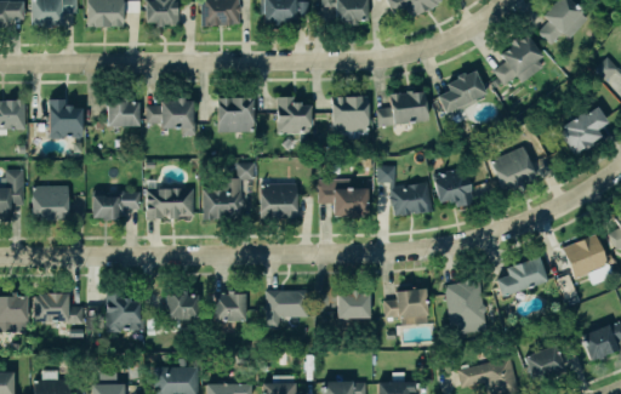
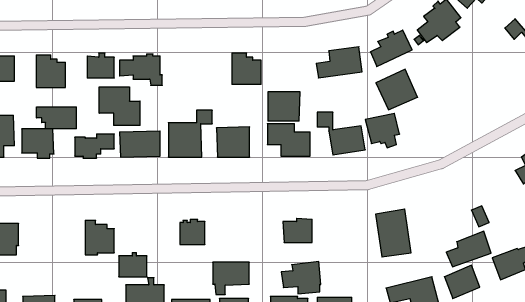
building: [217,97,253,132] -> none
building: [331,97,369,131] -> [268,92,300,121]
building: [558,107,608,154] -> none
building: none -> [99,87,140,125]
building: [489,145,537,193] -> [376,69,418,110]
building: none -> [37,107,76,129]
building: [562,234,609,279] -> none
building: [495,256,547,297] -> [446,231,491,267]
building: [382,289,428,326] -> [281,262,321,294]
building: [166,291,199,319] -> [119,253,147,277]
building: [264,291,307,329] -> [213,262,249,294]
building: [33,293,82,324] -> none

